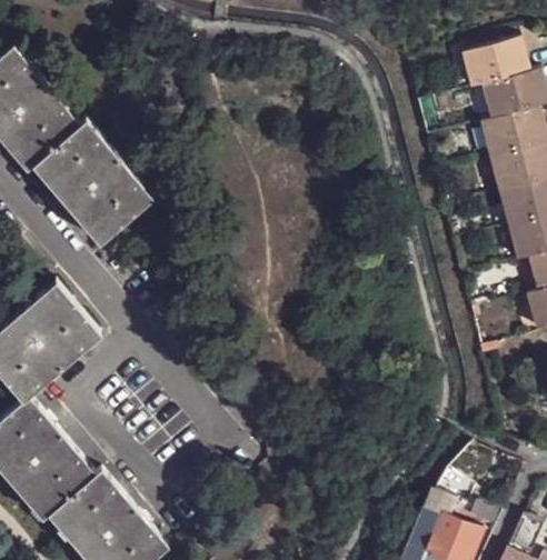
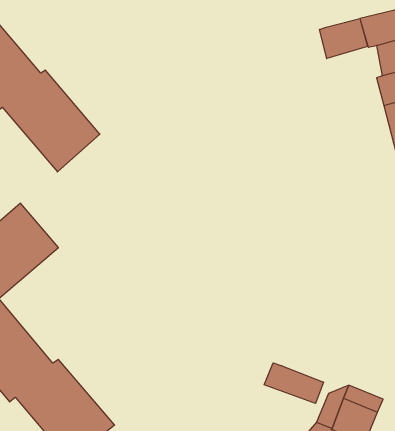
building: none -> [320,19,367,59]
building: none -> [264,363,324,403]

